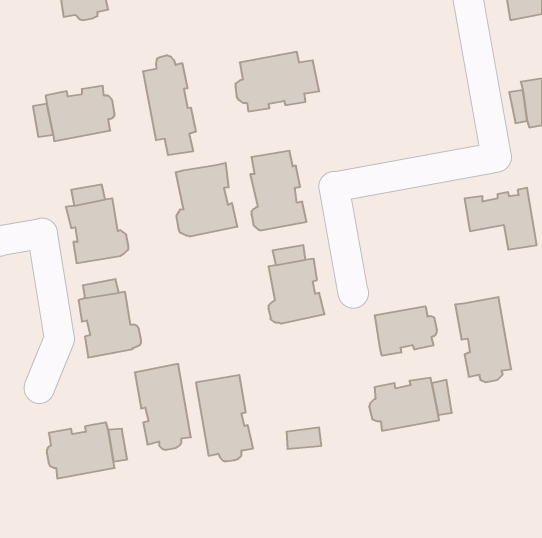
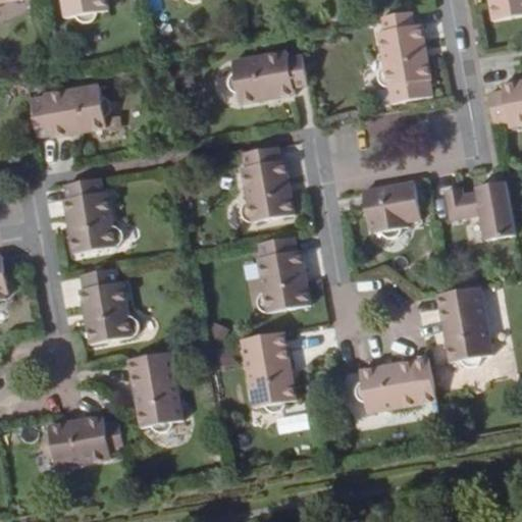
building: none -> [377,9,432,101]
building: [143,55,196,155] -> none
building: [176,163,237,237] -> none
building: none -> [361,180,418,236]
building: [375,306,437,356] -> none
building: [196,375,253,461] -> [239,330,294,413]

